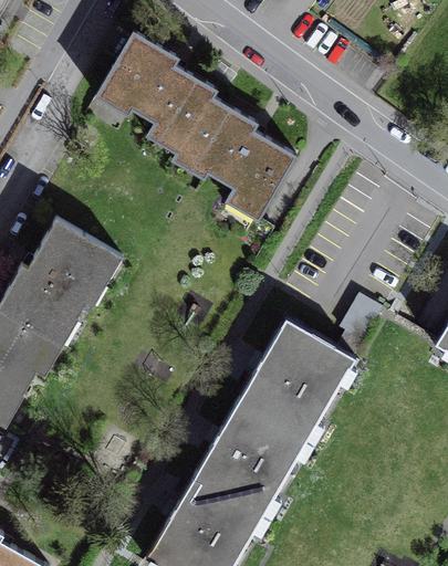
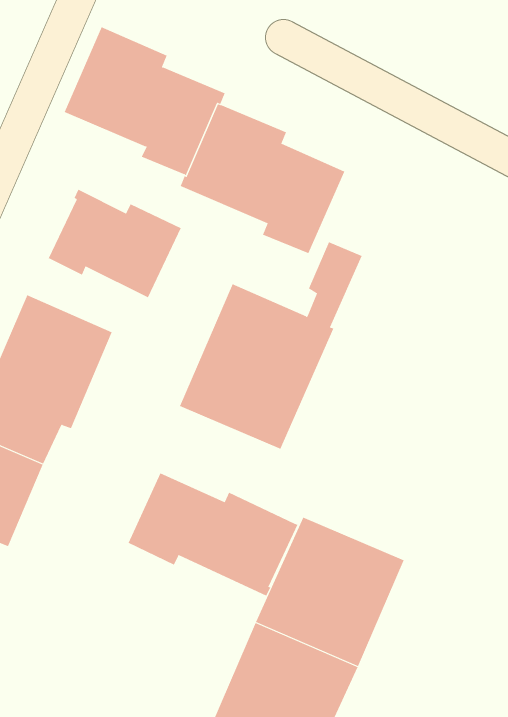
building: none -> [48,189,181,298]
building: [237,297,382,443] -> [179,242,363,450]
building: none -> [128,472,298,596]

